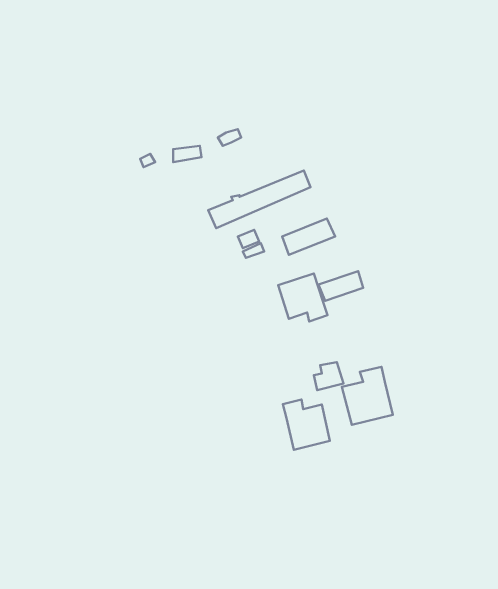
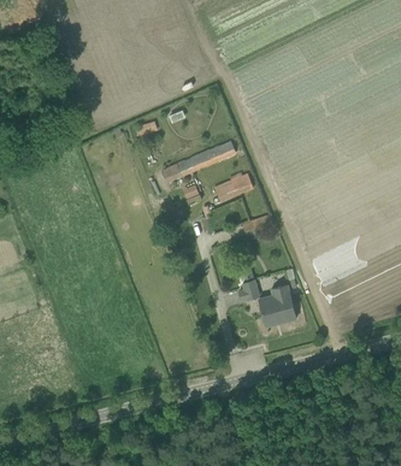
building: [278,273,328,321] -> none
building: [283,399,330,450] -> none

